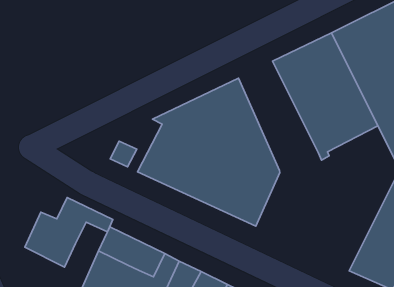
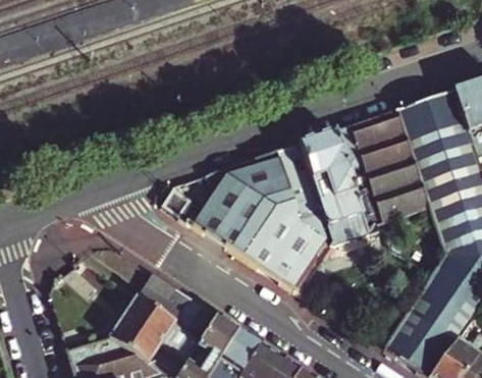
building: none -> [303,129,372,238]
building: [25,197,113,267] -> none

